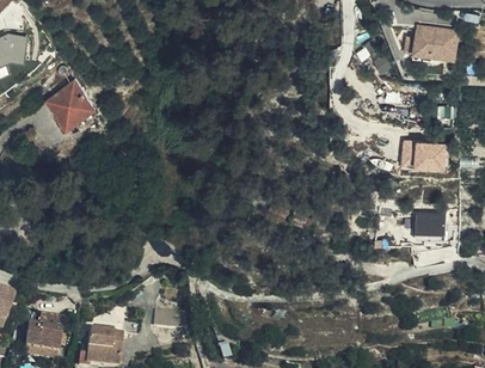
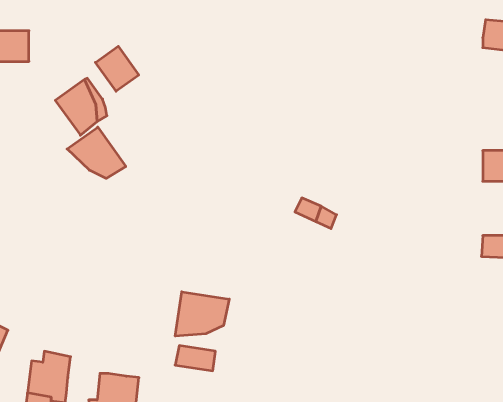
building: none -> [95,46,139,91]
building: none -> [67,127,126,178]
building: none -> [175,292,229,336]

